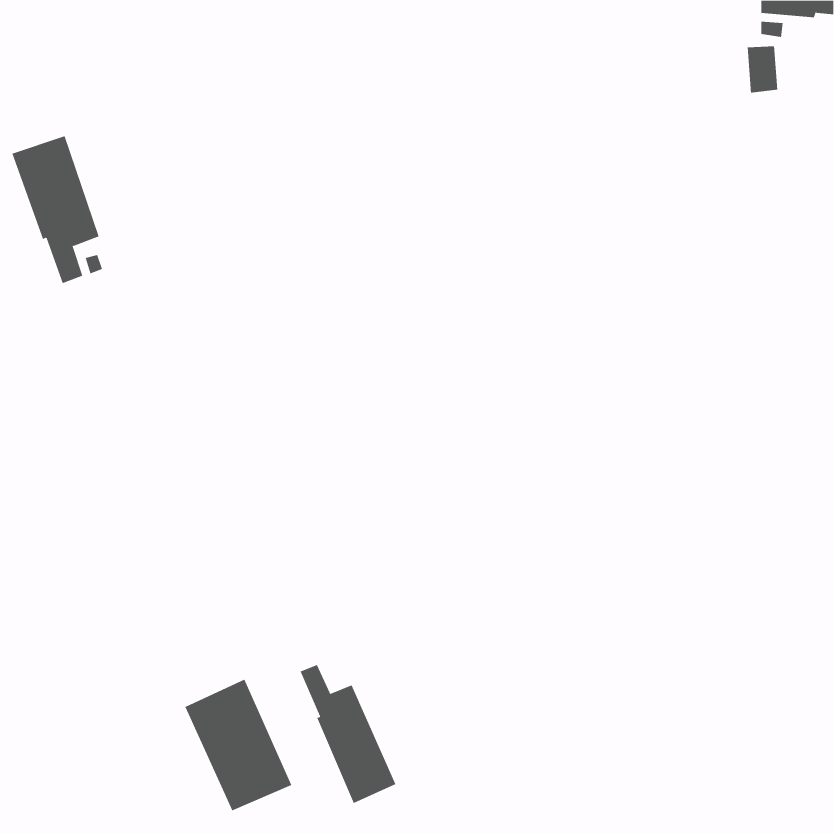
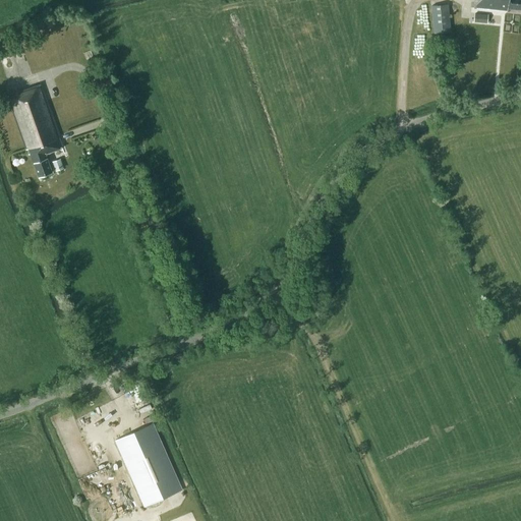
building: [747,46,778,93] -> [431,4,451,34]
building: [300,664,396,804] -> none

